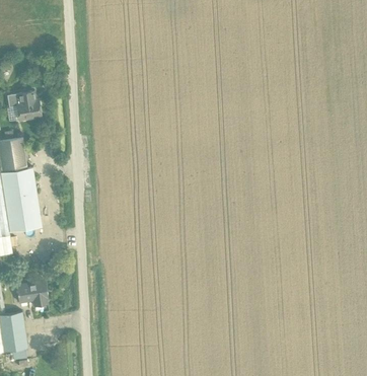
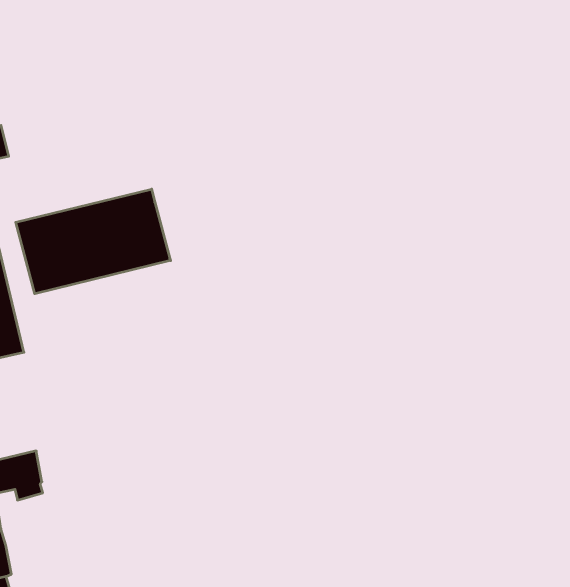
building: none -> [16,189,171,294]

